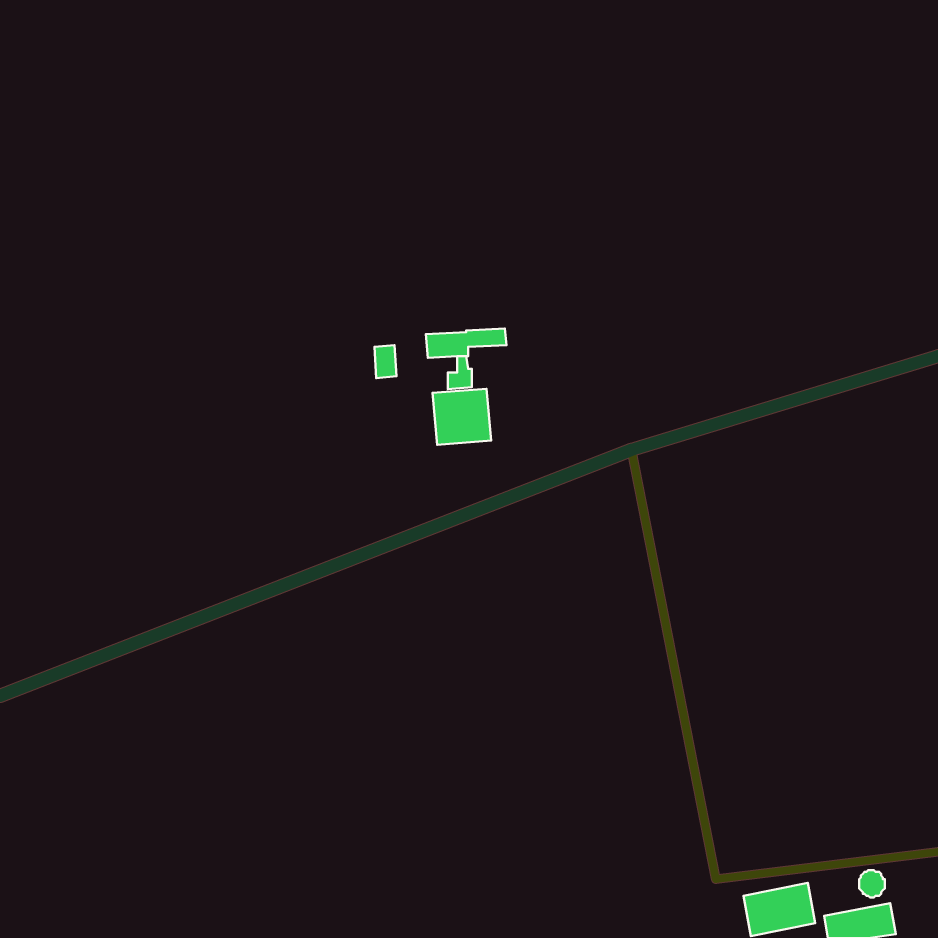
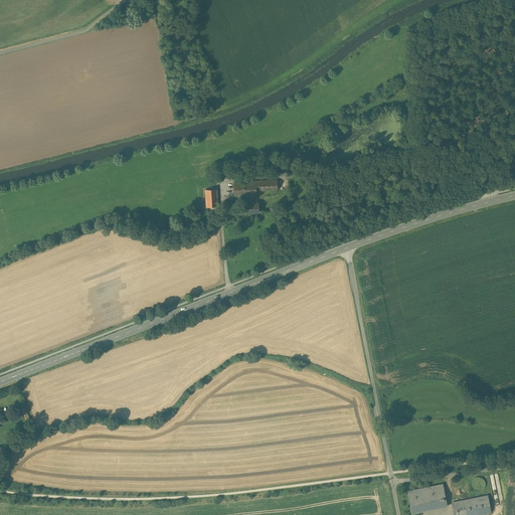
building: [433,389,491,445] -> none

